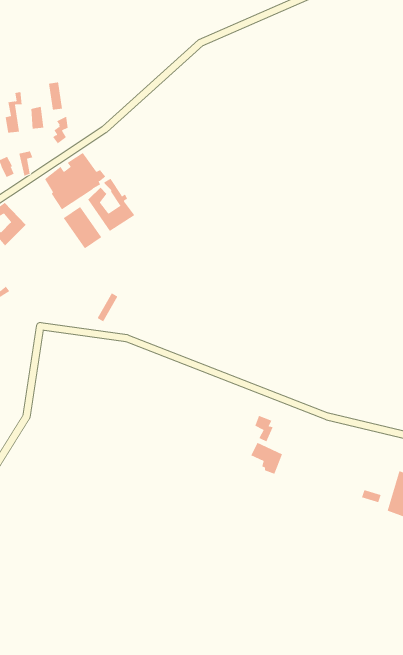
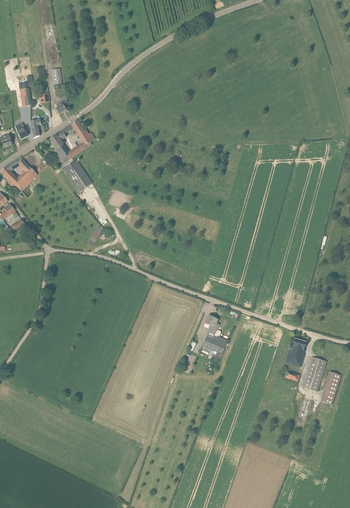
building: [87,178,135,232] -> none
building: none -> [285,338,306,367]

